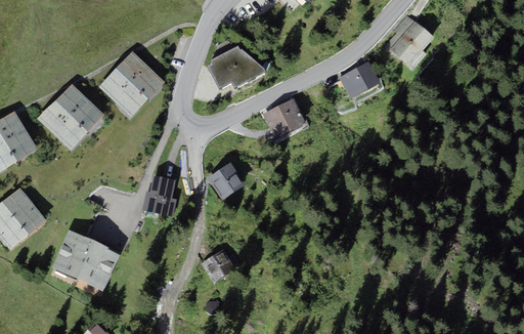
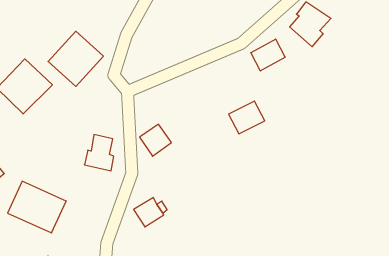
building: [208,45,266,87] -> none
building: [263,97,306,136] -> [229,101,265,134]

